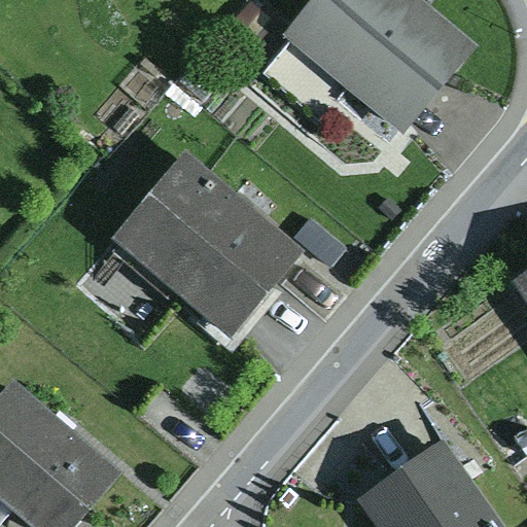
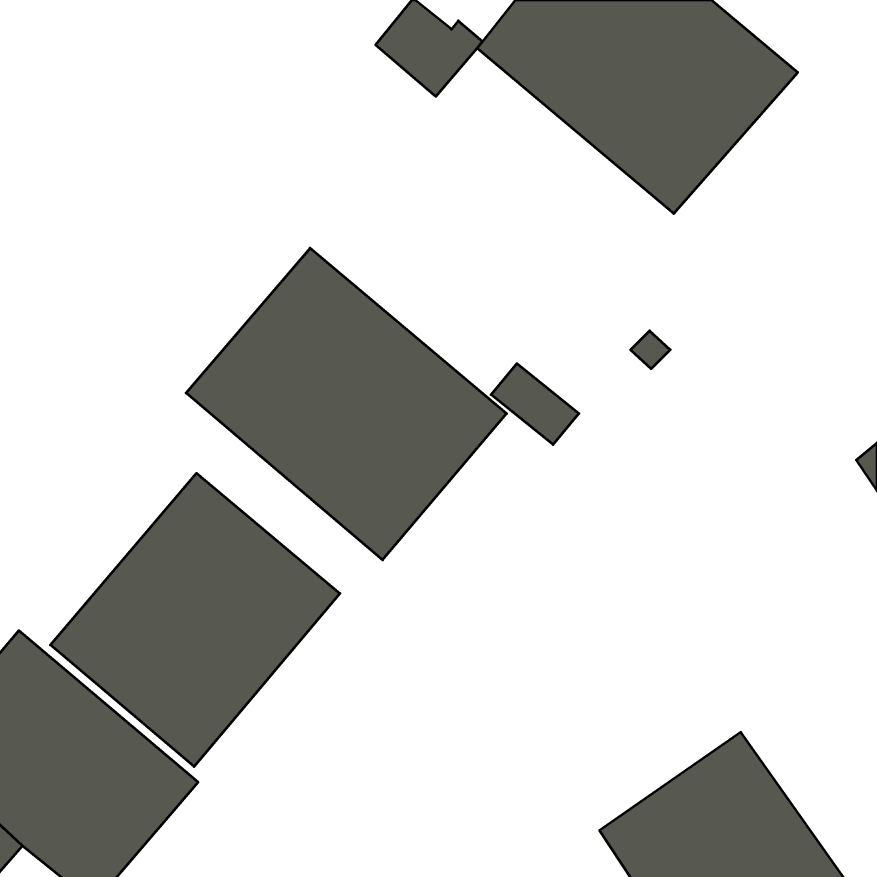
building: none -> [50,473,340,767]

